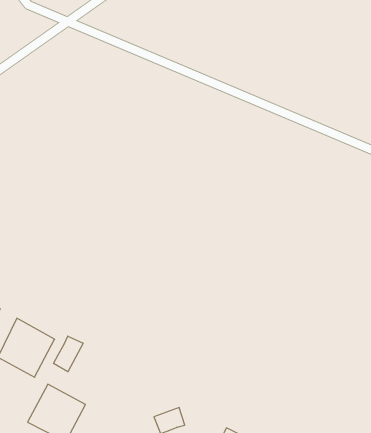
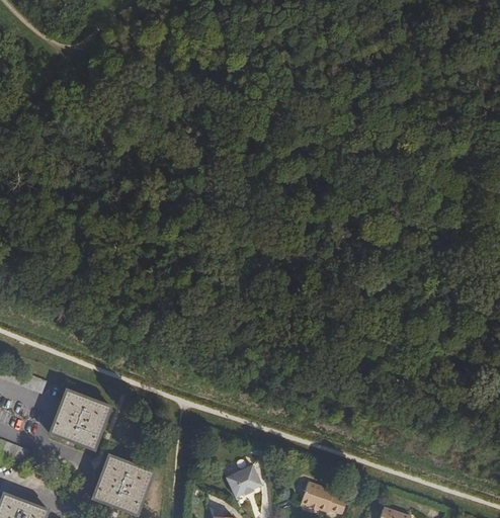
building: [54,336,83,372] -> none

